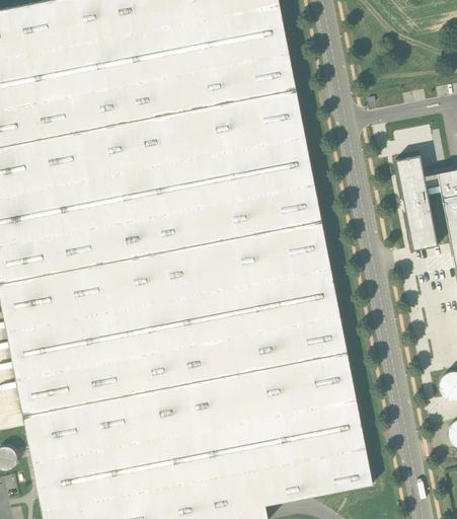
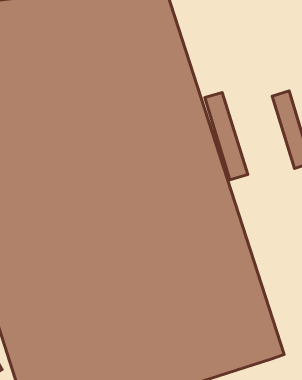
building: none -> [205,92,248,180]

